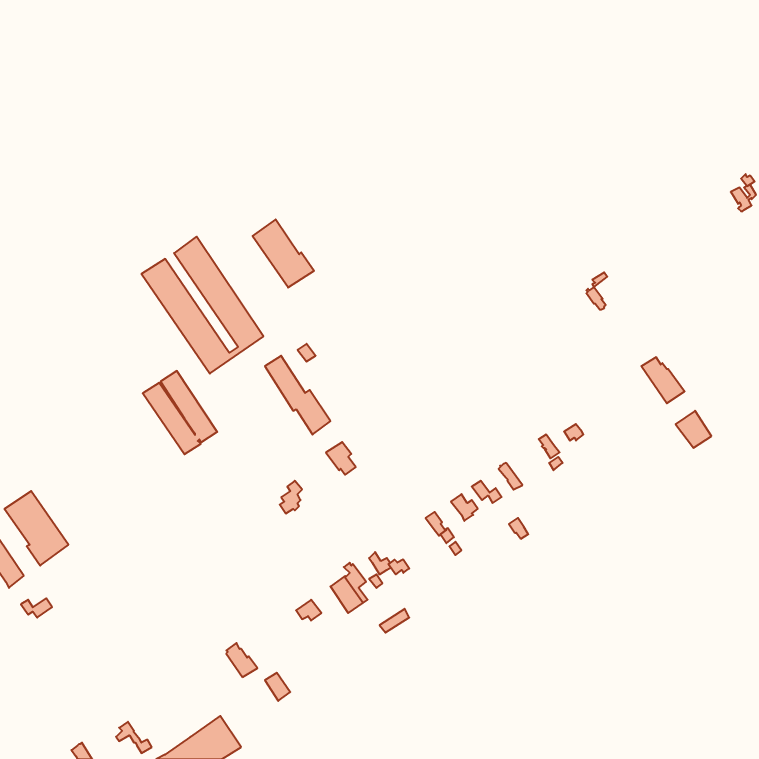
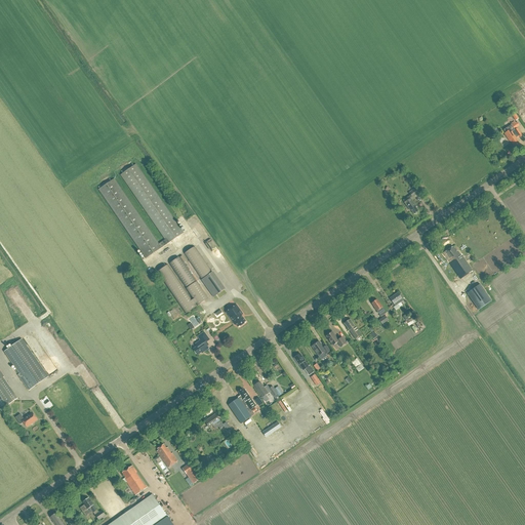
building: [253,219,314,288] -> none
building: [143,371,217,454] -> [156,255,207,313]
building: none -> [121,465,147,494]

